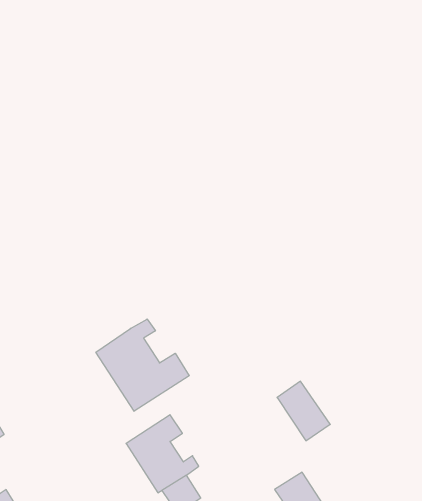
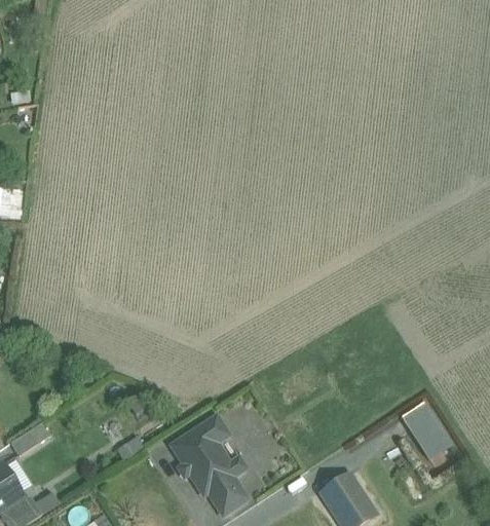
building: [96,319,189,411] -> none
building: [277,381,330,441] -> [401,400,454,459]

